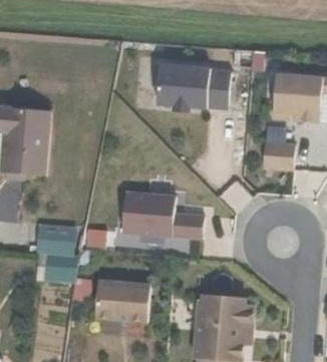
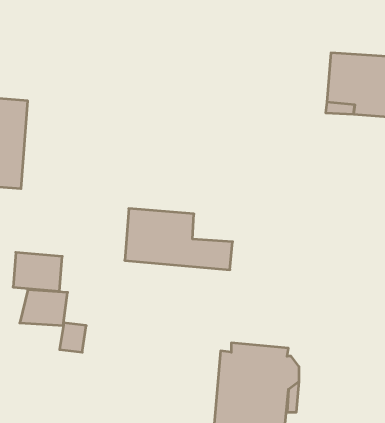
building: [158,65,232,109] -> none
building: [265,143,297,170] -> none
building: [97,279,152,321] -> none

